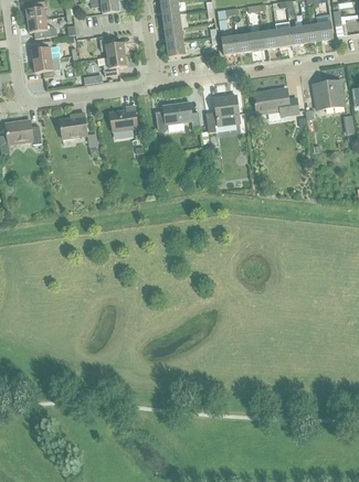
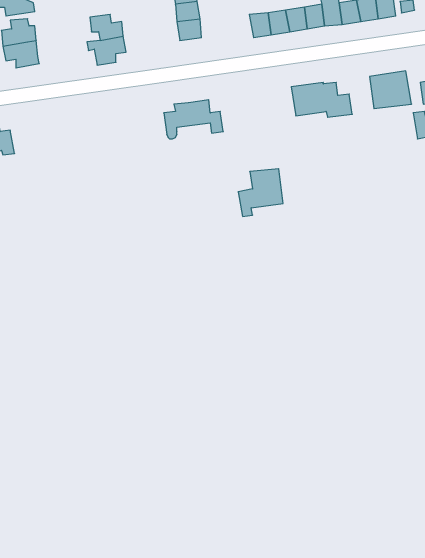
building: [205,95,240,131] -> [238,169,283,216]
building: [109,105,138,130] -> none
building: [60,111,87,137] -> none

